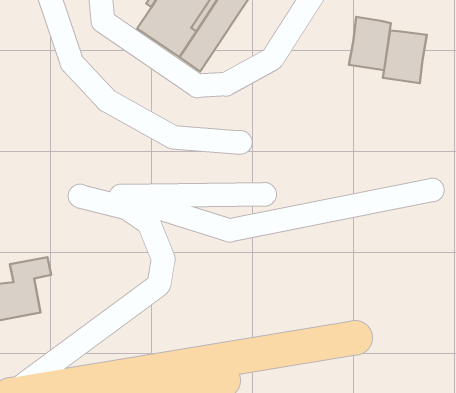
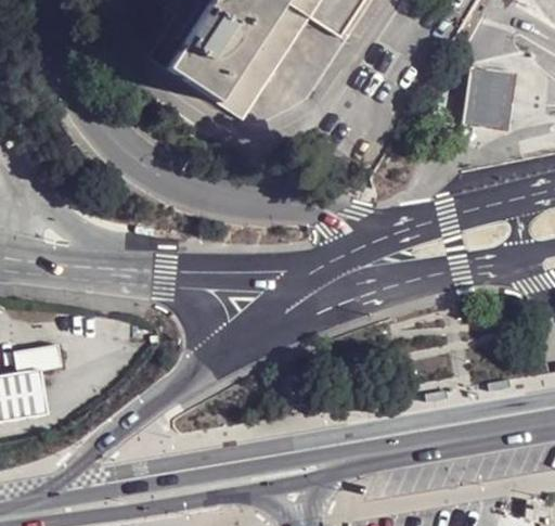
building: [349,17,391,70] -> none

